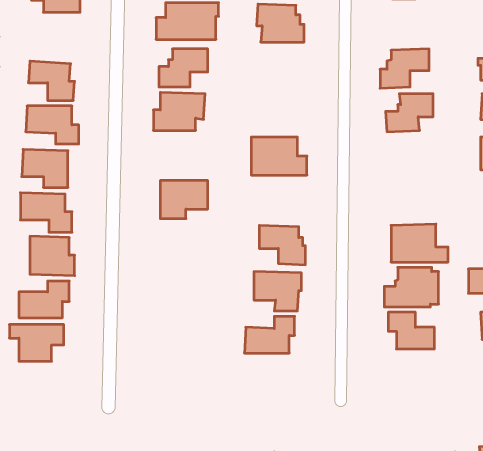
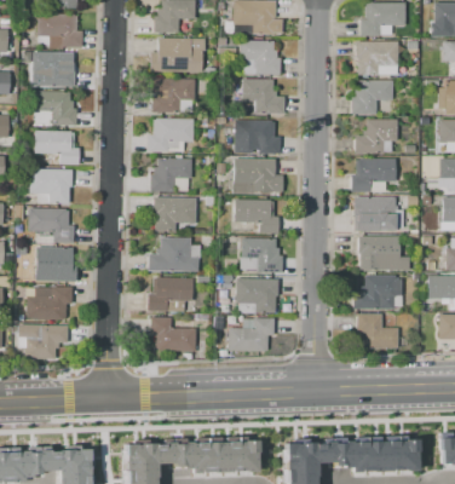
building: none -> [356,41,398,74]
building: none -> [31,52,71,87]
building: none -> [242,80,284,114]
building: none -> [235,120,281,155]
building: none -> [151,159,192,192]
building: none -> [352,159,396,192]
building: none -> [355,197,403,231]
building: none -> [235,200,280,234]
building: none -> [149,237,200,271]
building: none -> [148,277,194,312]
building: none -> [151,317,196,352]

